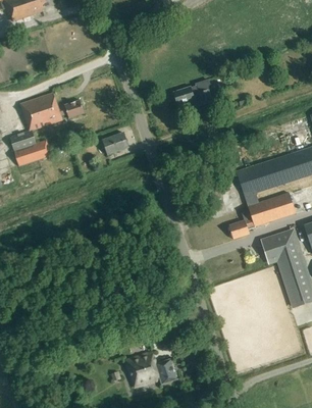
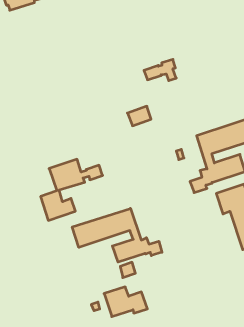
building: [9,93,84,166] -> [41,159,103,220]
building: [100,132,128,155] -> [127,106,151,126]
building: none -> [72,208,162,262]

